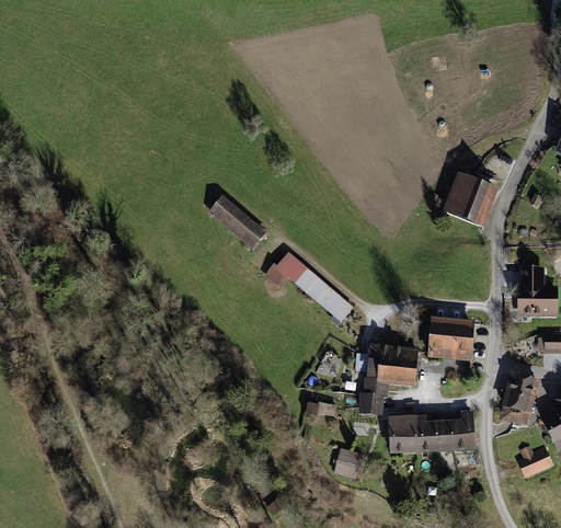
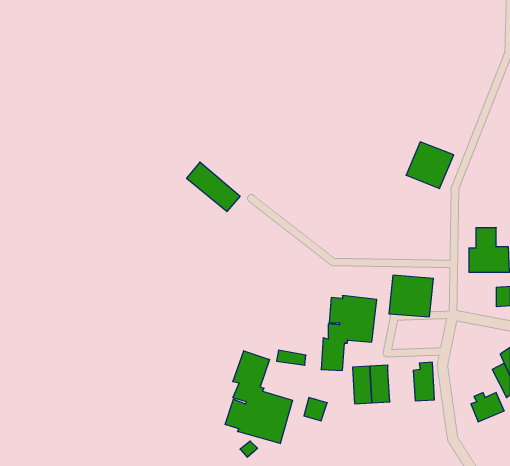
building: [263,252,354,322] -> none
building: [500,371,540,423] -> none
building: none -> [225,351,292,444]
building: [426,421,456,455] -> none

